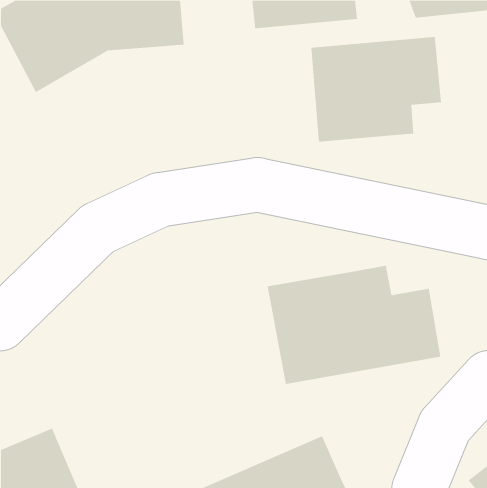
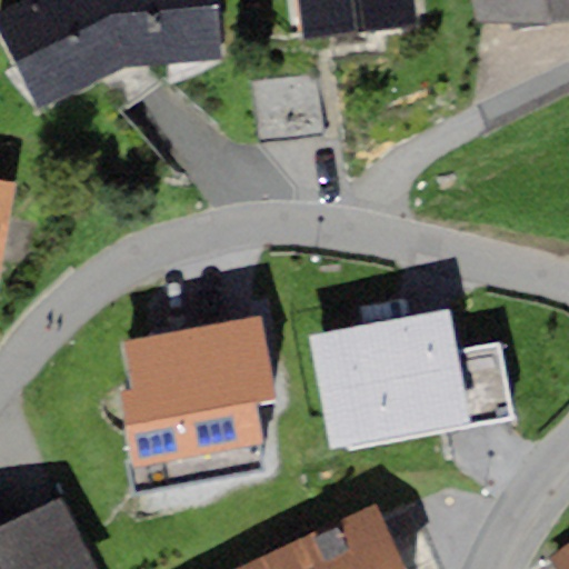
building: [311,36,441,143] -> none
building: none -> [254,72,322,142]
building: none -> [118,319,273,488]

